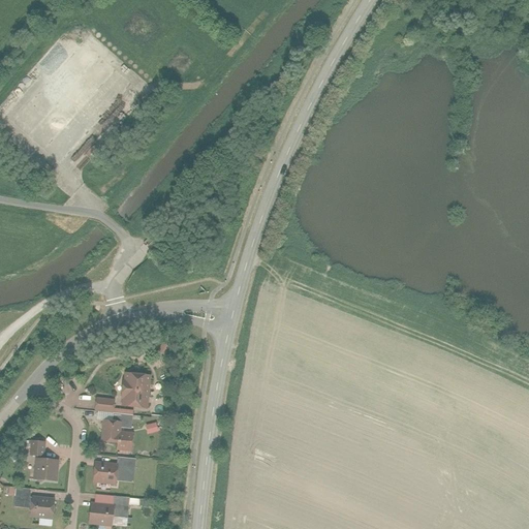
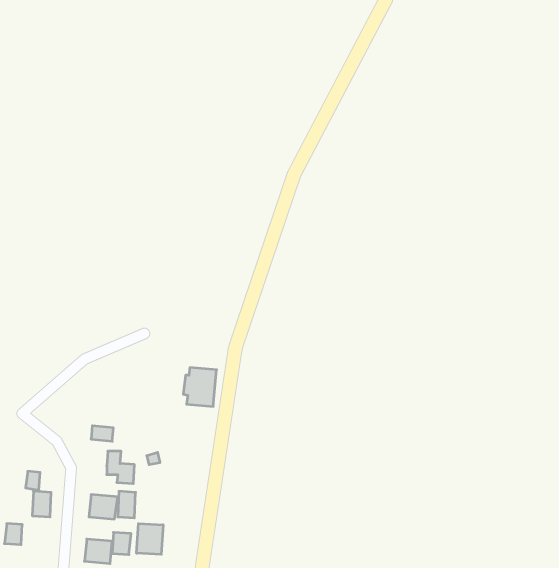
building: [119,371,150,407] -> [183,368,217,406]
building: none -> [137,524,163,554]
building: [28,494,56,519] -> none

